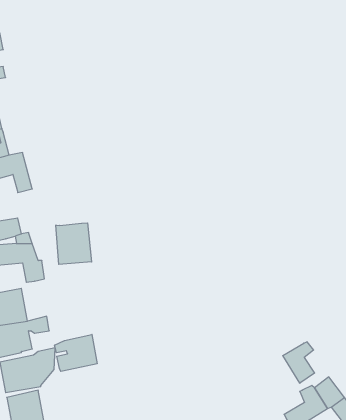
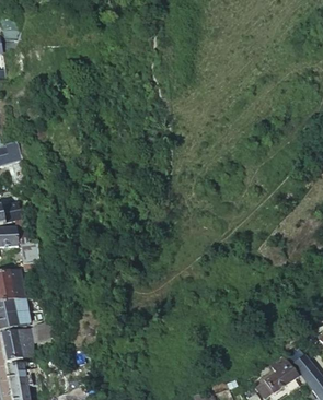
building: [56,223,92,264] -> none
building: [55,334,97,371] -> none
building: [283,342,315,383] -> none

